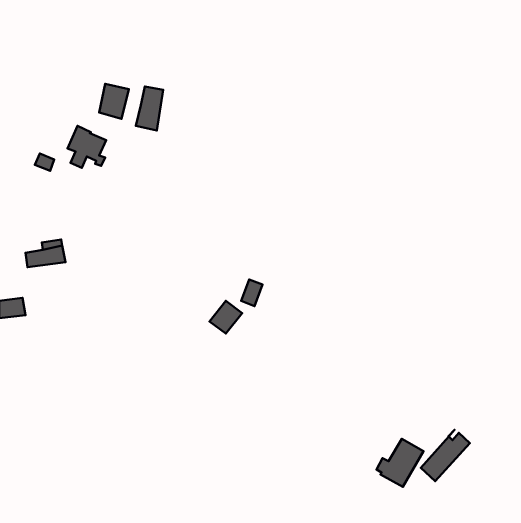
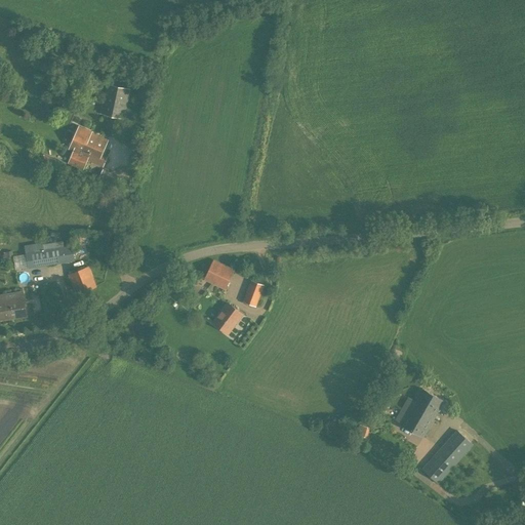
building: [136,87,163,130] -> none
building: none -> [203,260,233,289]
building: none -> [68,267,95,294]
building: [376,439,423,487] -> [396,389,443,437]

